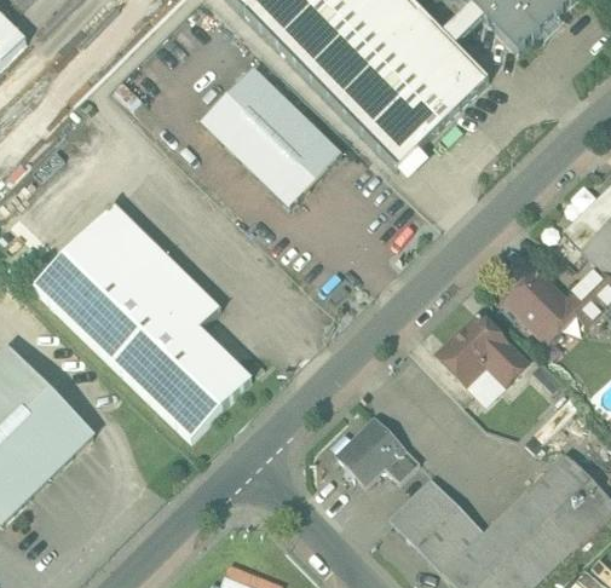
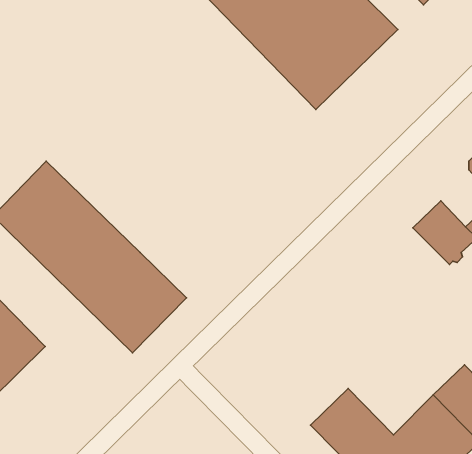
building: [201,67,342,207] -> none
building: [96,204,221,328] -> none
building: [438,313,526,382] -> none
building: [336,416,421,485] -> none

